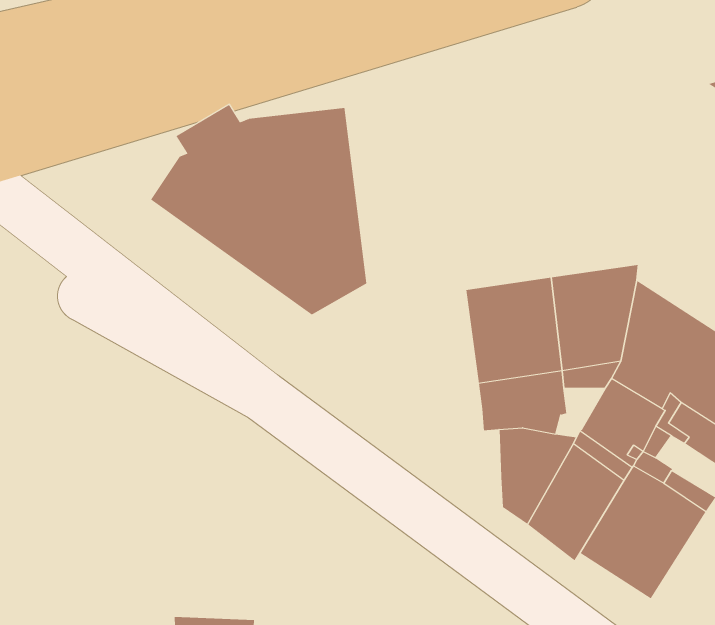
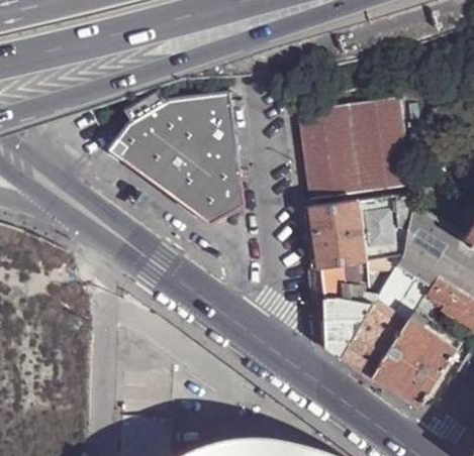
building: none -> [298,97,410,200]

